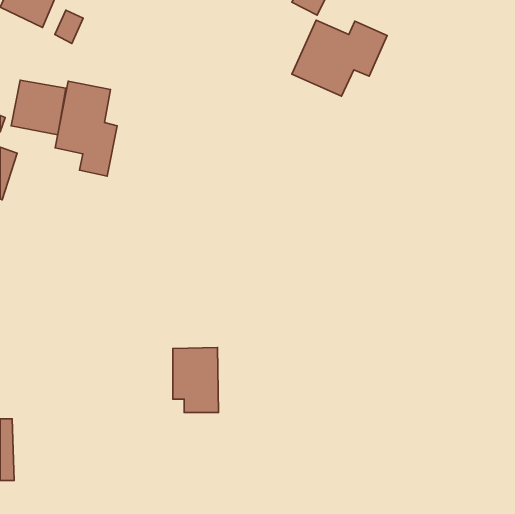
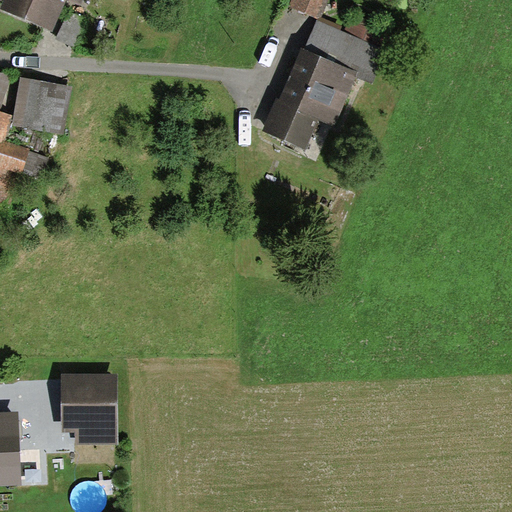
building: none -> [266,73,340,145]
building: [55,81,117,176] -> none
building: [173,348,219,412] -> [67,375,112,439]

